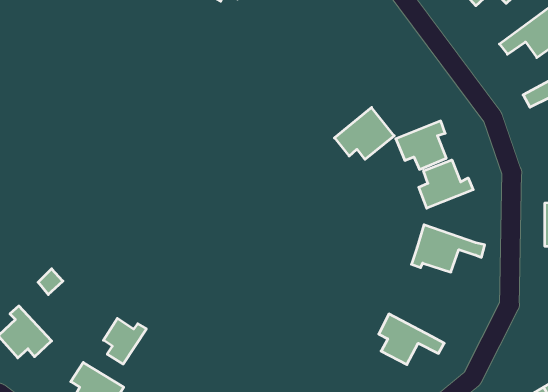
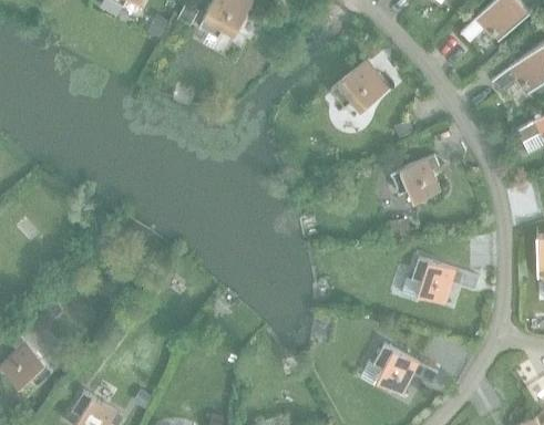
building: [334,107,394,159] -> [330,60,389,111]
building: [419,160,473,208] -> none
building: [103,318,146,364] -> none

